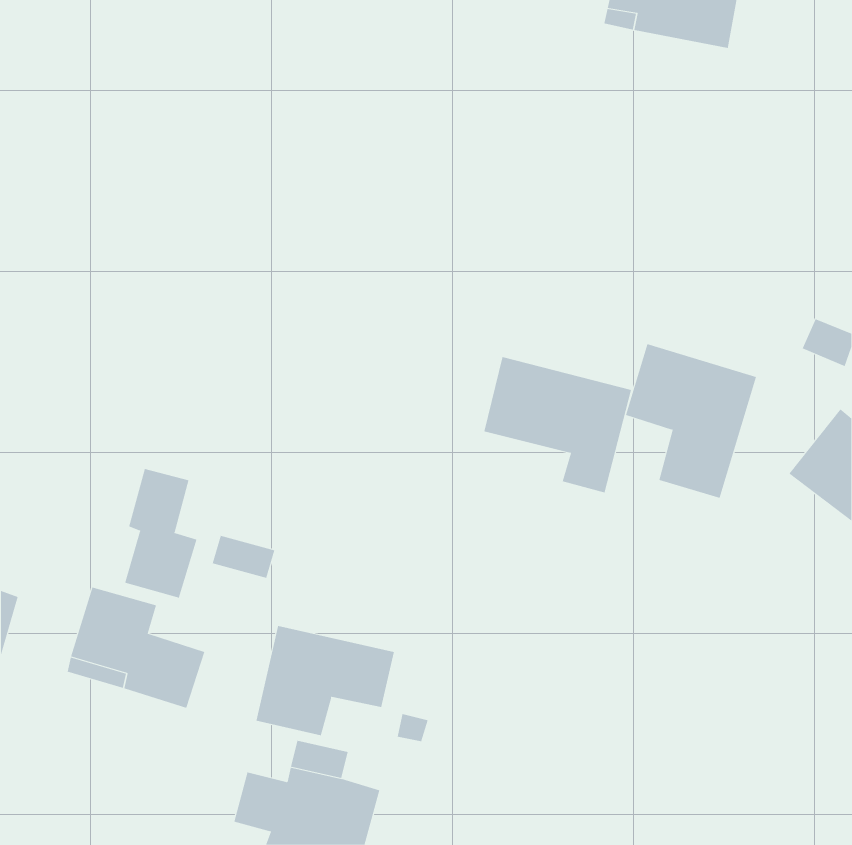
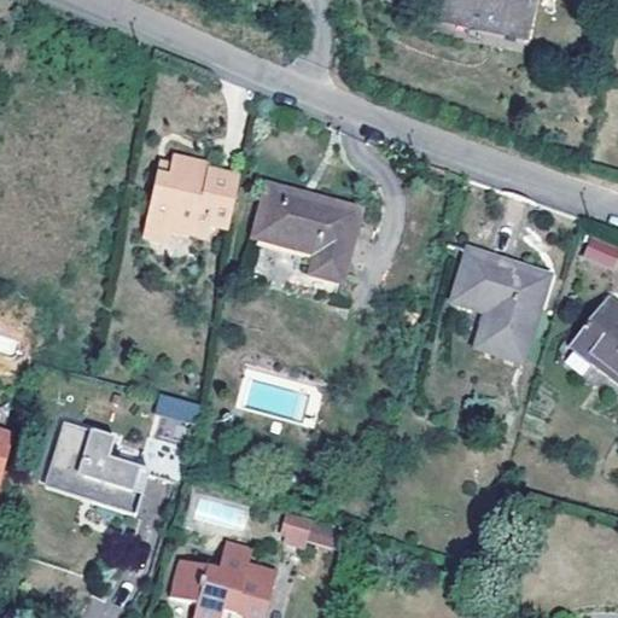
building: none -> [148,156,241,238]
building: [483,356,632,493] -> [253,183,361,282]
building: [124,468,197,598] -> none
building: [256,625,394,736] -> none

